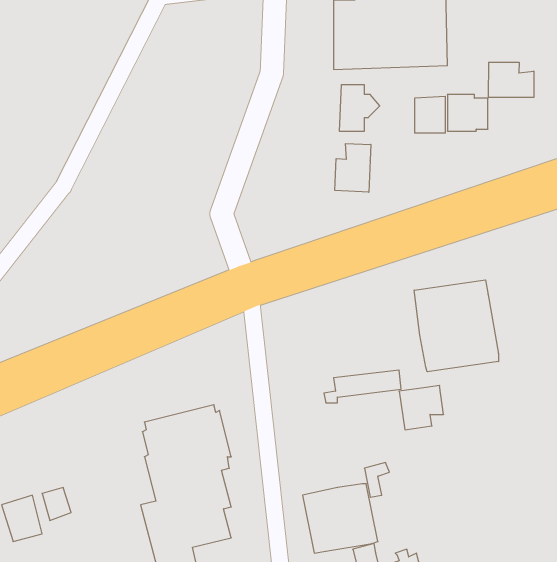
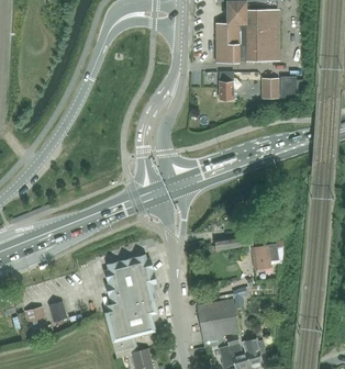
building: [489,62,534,97] -> none
building: [335,144,371,192] -> none
building: [414,280,499,372] -> none

